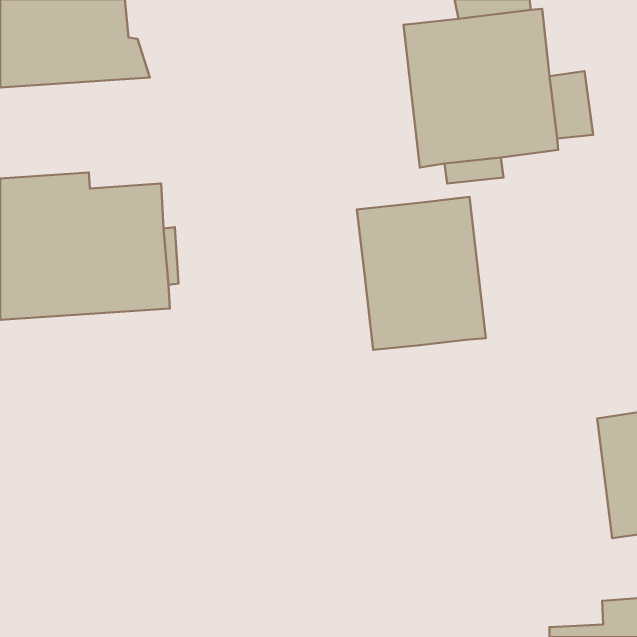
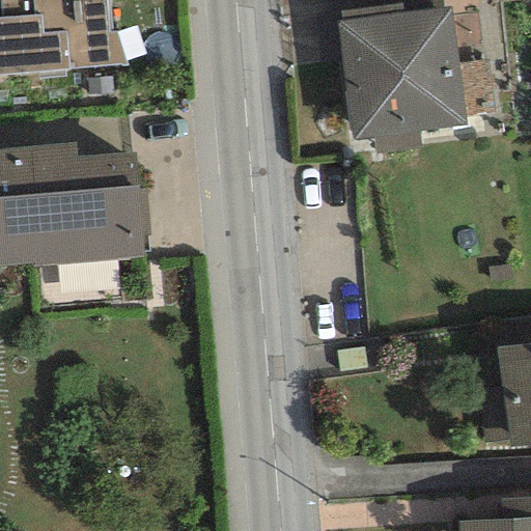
building: [357,197,486,350] -> none

